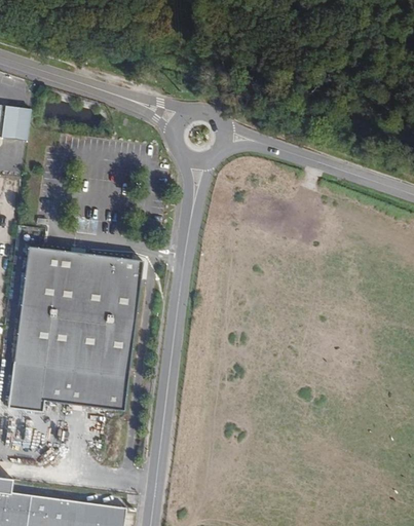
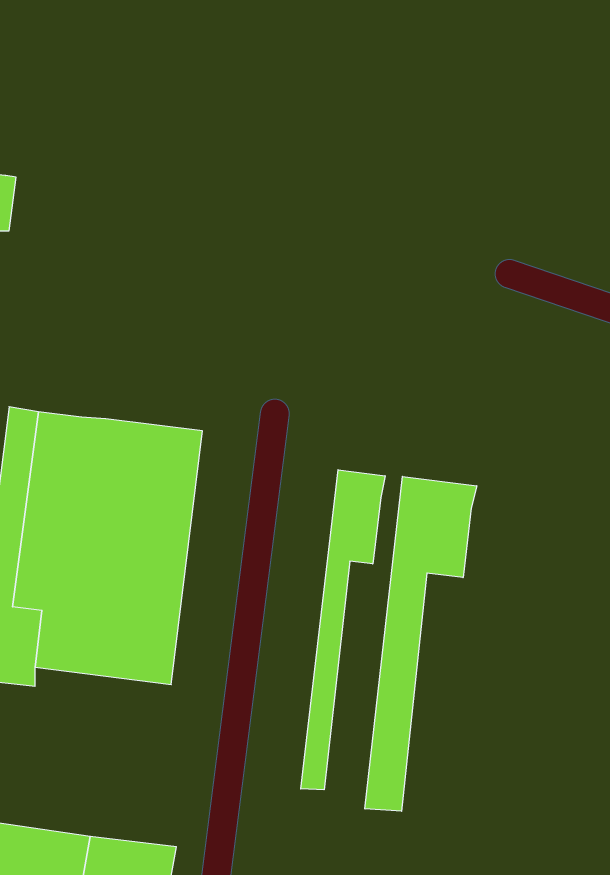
building: none -> [301,470,385,790]
building: none -> [365,476,477,811]

